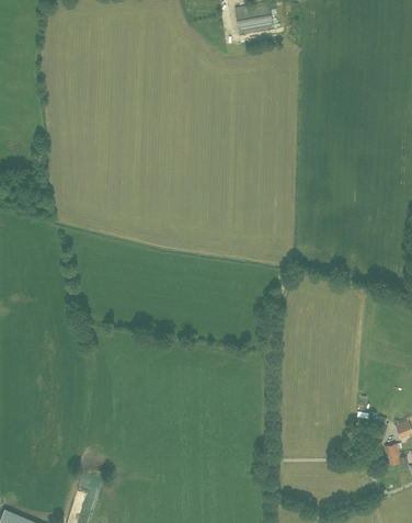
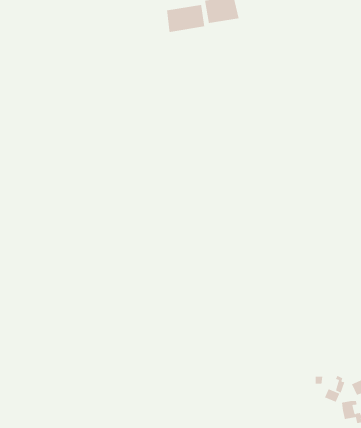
building: none -> [167,4,205,33]

